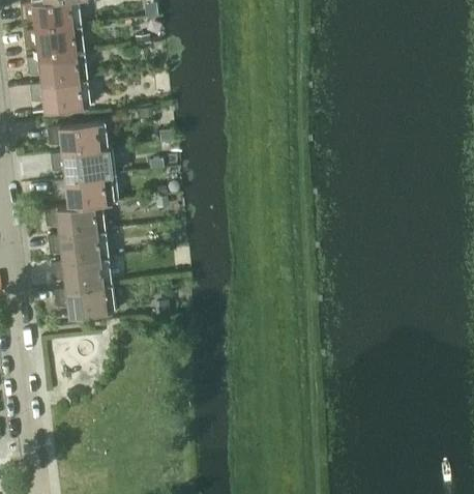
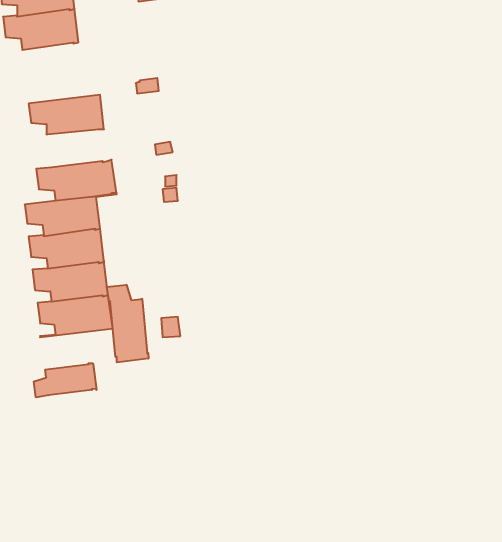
building: [30,80,91,114] -> none
building: [51,150,112,181] -> none
building: none -> [107,285,148,362]
building: none -> [34,363,96,397]

